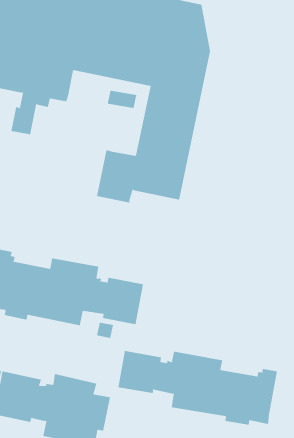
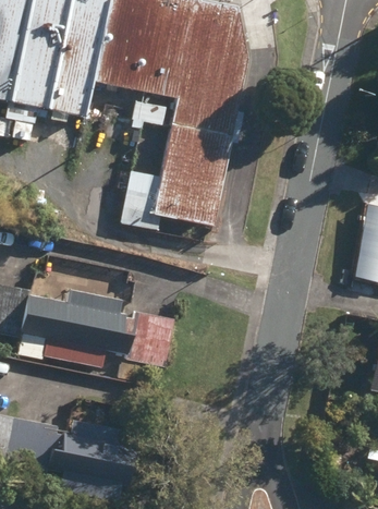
building: [118,350,277,425] -> none

